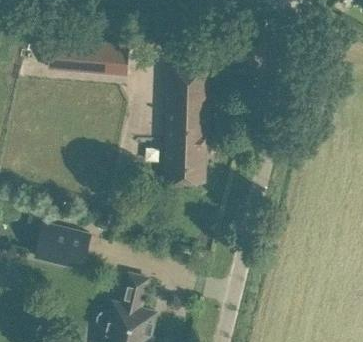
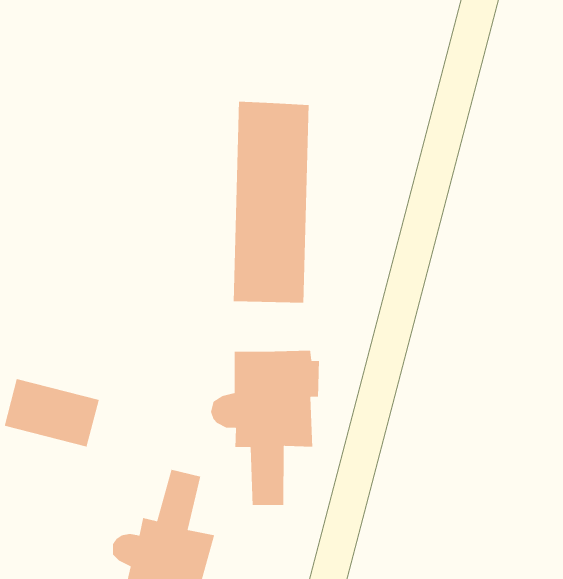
building: [48,40,130,76] -> none
building: none -> [210,350,320,506]

